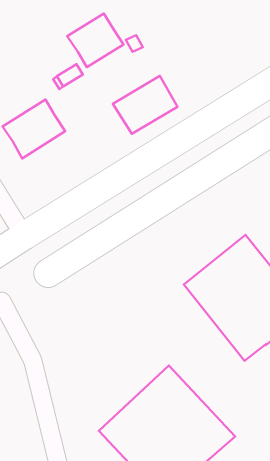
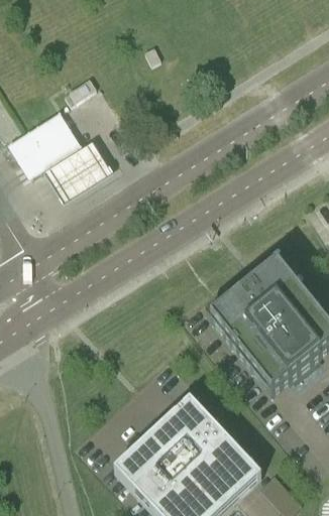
building: [67,13,123,67] -> none
building: [113,76,177,134] -> [44,141,114,204]

